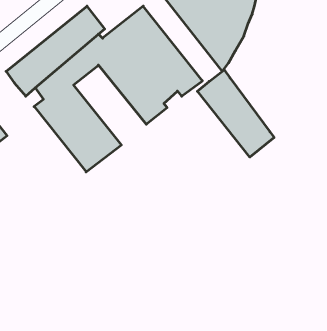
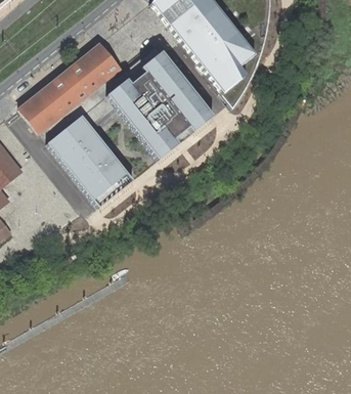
building: [197,70,274,157] -> none

